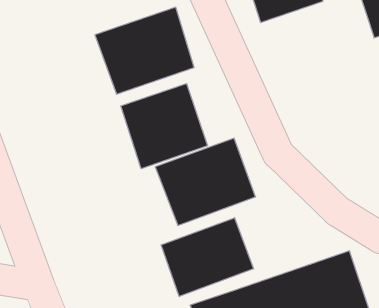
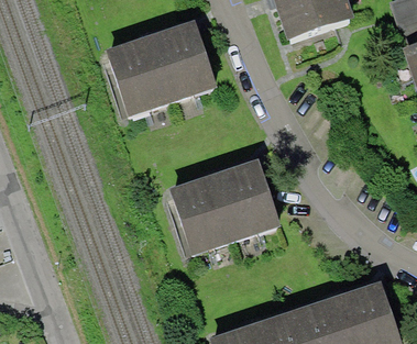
building: [121,84,208,169] -> none
building: [161,218,253,297] -> none

